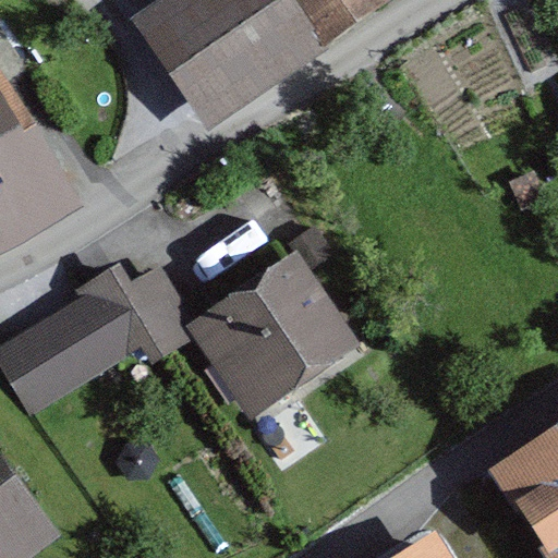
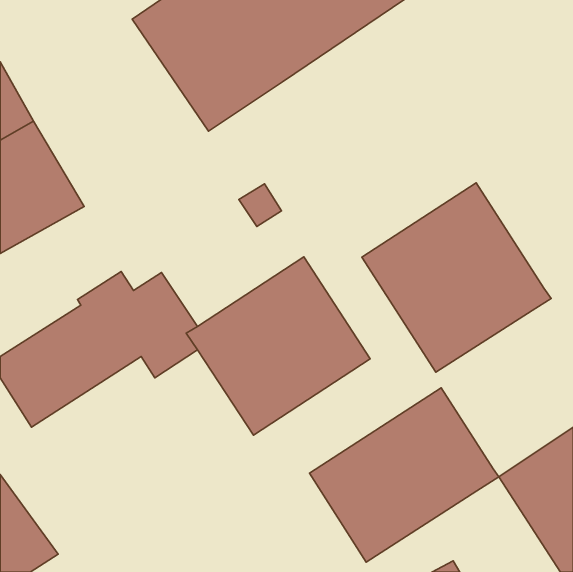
building: none -> [362,183,551,372]
building: none -> [309,388,499,562]

